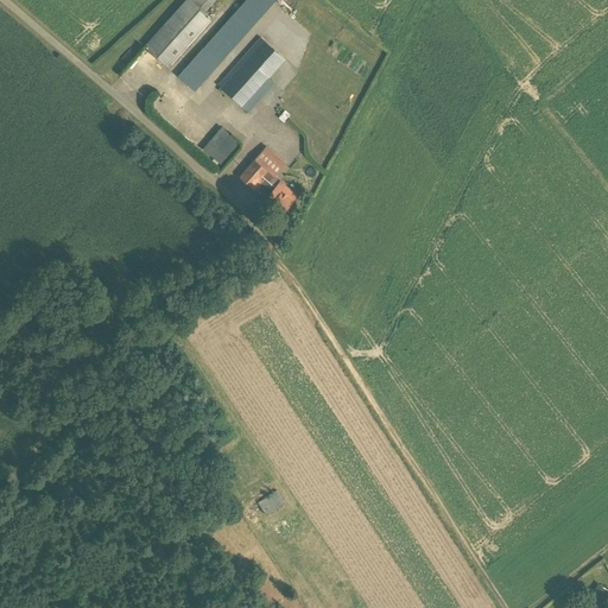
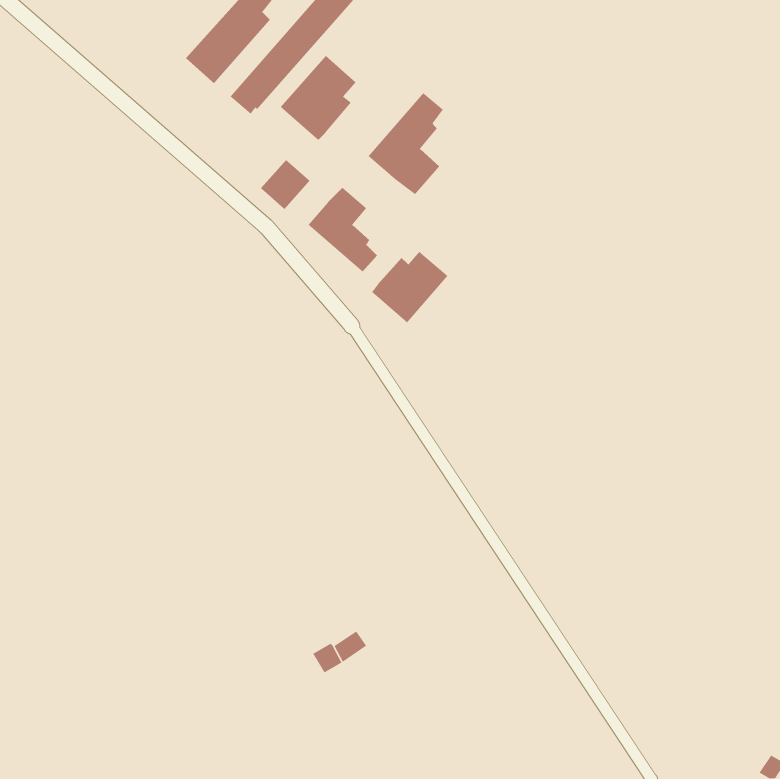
building: none -> [367,92,444,195]
building: none -> [371,251,449,324]

